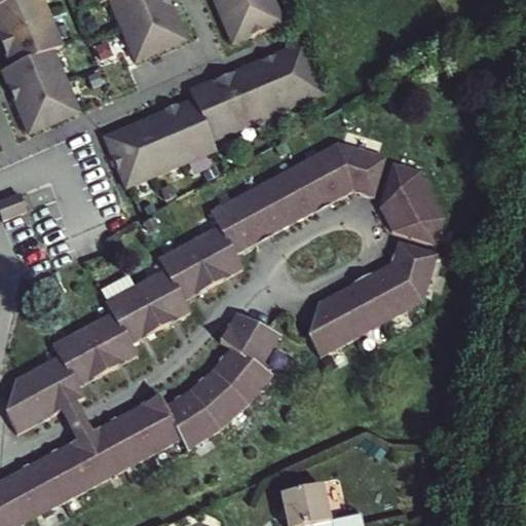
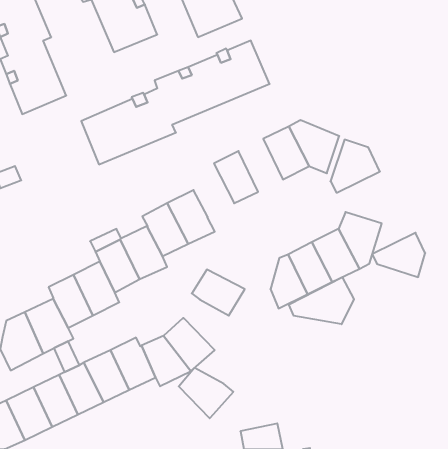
building: [277,161,329,223] -> none
building: [218,190,272,252] -> none
building: [391,199,453,251] -> [372,233,425,277]
building: none -> [289,277,354,324]
building: [214,348,277,407] -> [179,368,233,418]

